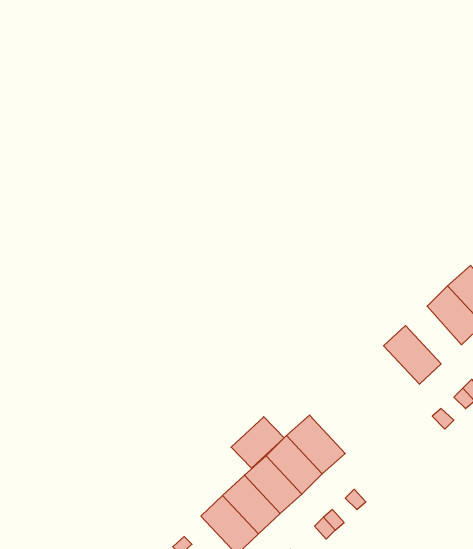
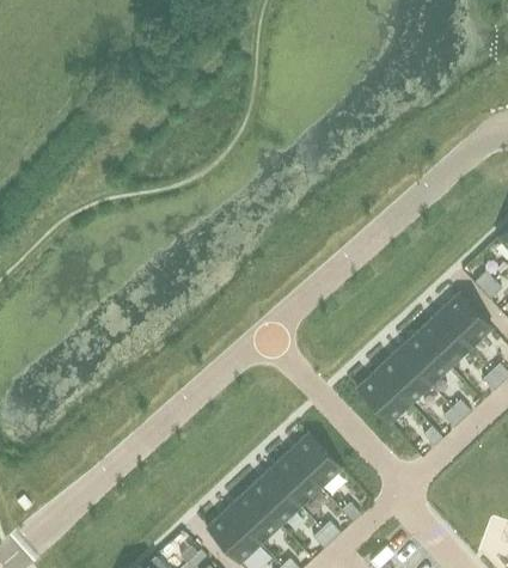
building: none -> [398,330,451,384]
building: none -> [357,367,411,422]
building: [231,417,284,468] -> none

